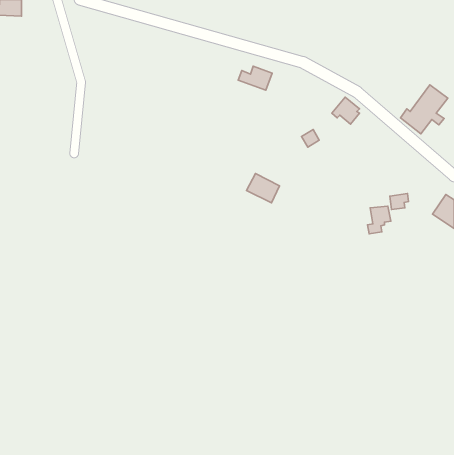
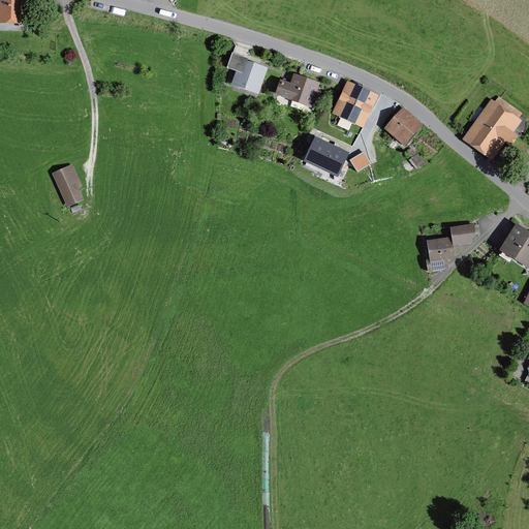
building: none -> [225,53,262,91]
building: none -> [337,87,370,121]
building: none -> [53,166,80,204]
building: [246,173,279,203] -> [305,139,343,174]

